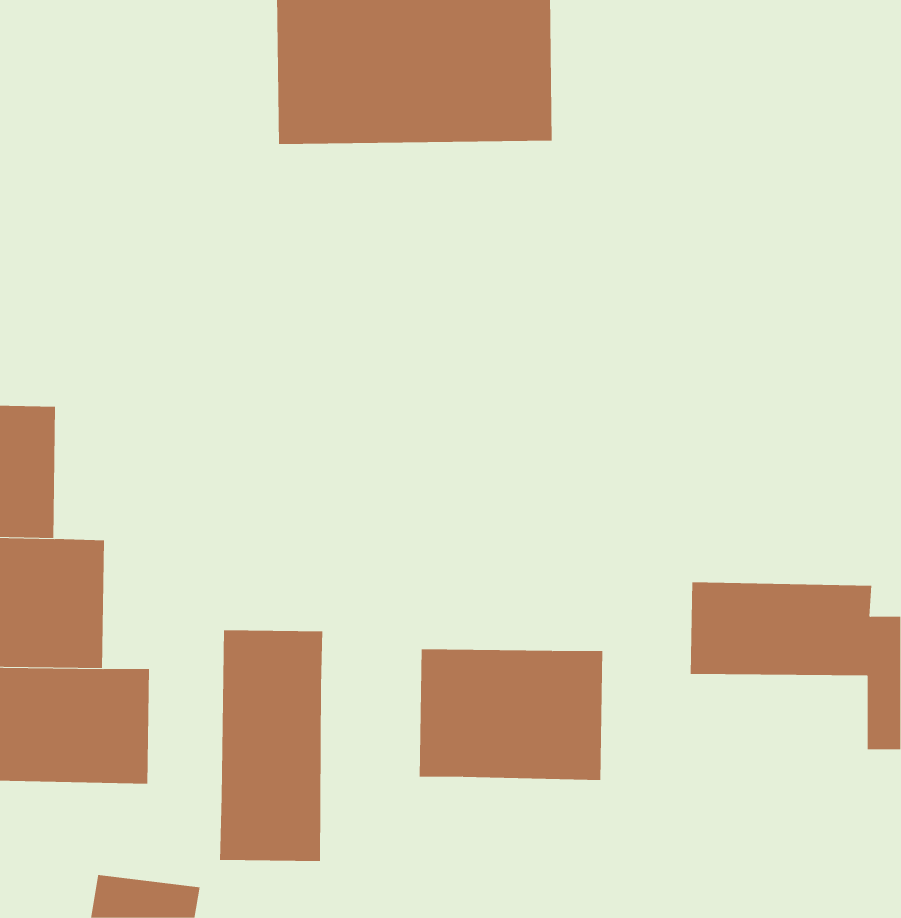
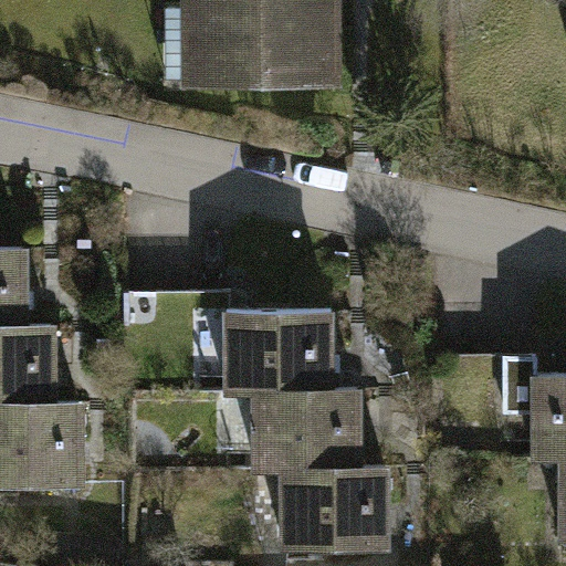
building: none -> [122,293,339,398]
building: [220,630,323,862] -> none
building: none -> [282,475,397,547]

